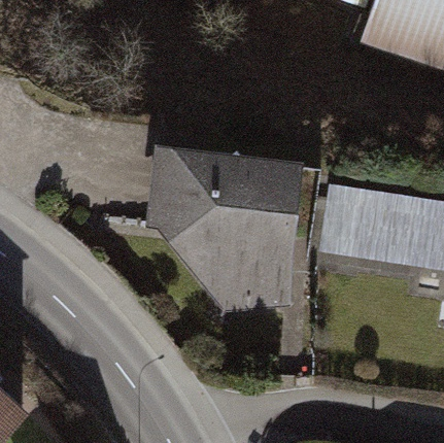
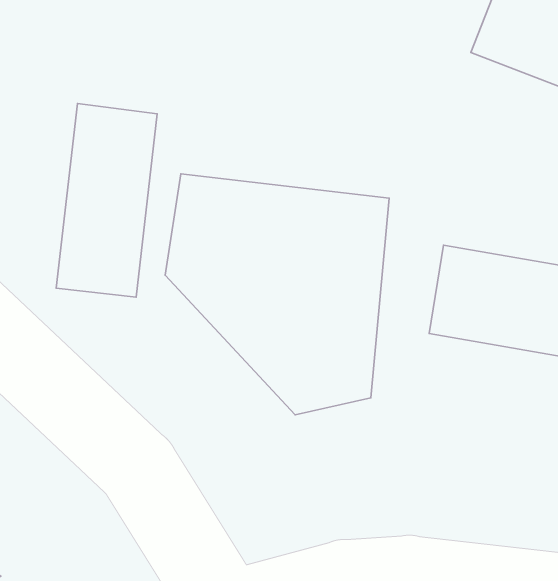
building: none -> [56,104,157,297]

